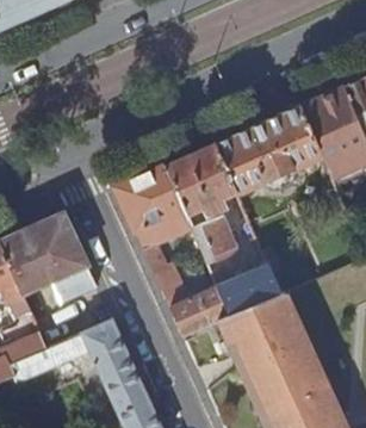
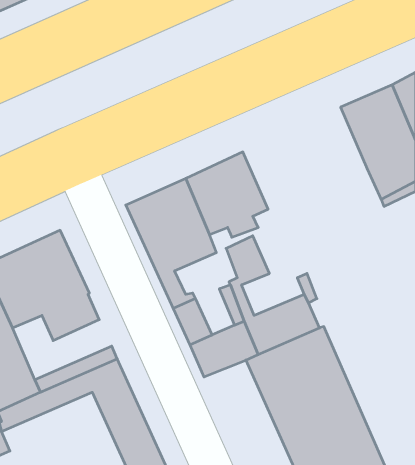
building: [217,105,323,194] -> none

